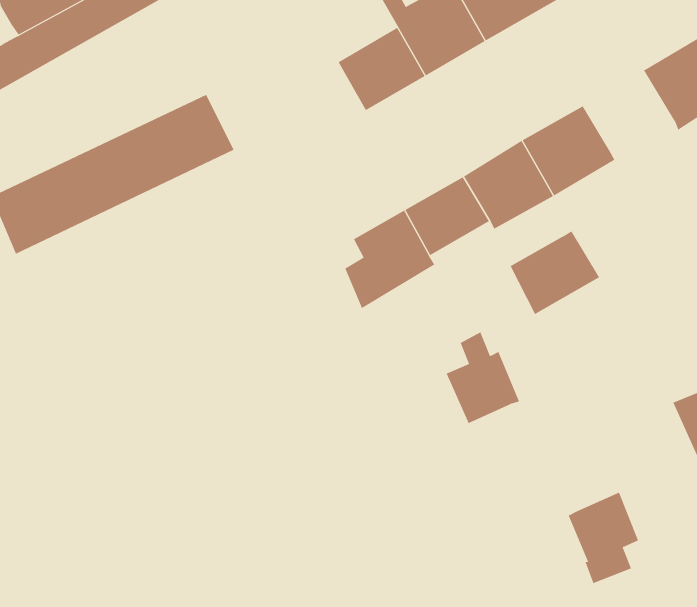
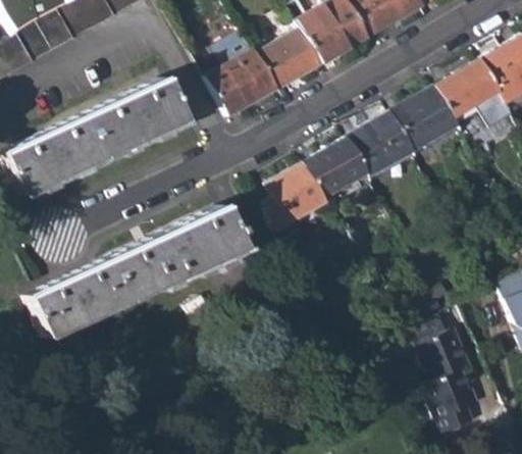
building: none -> [207,47,278,116]
building: none -> [437,59,505,115]
building: [510,230,600,315] -> none
building: none -> [29,205,240,336]
building: [446,332,520,424] -> [416,314,470,382]

